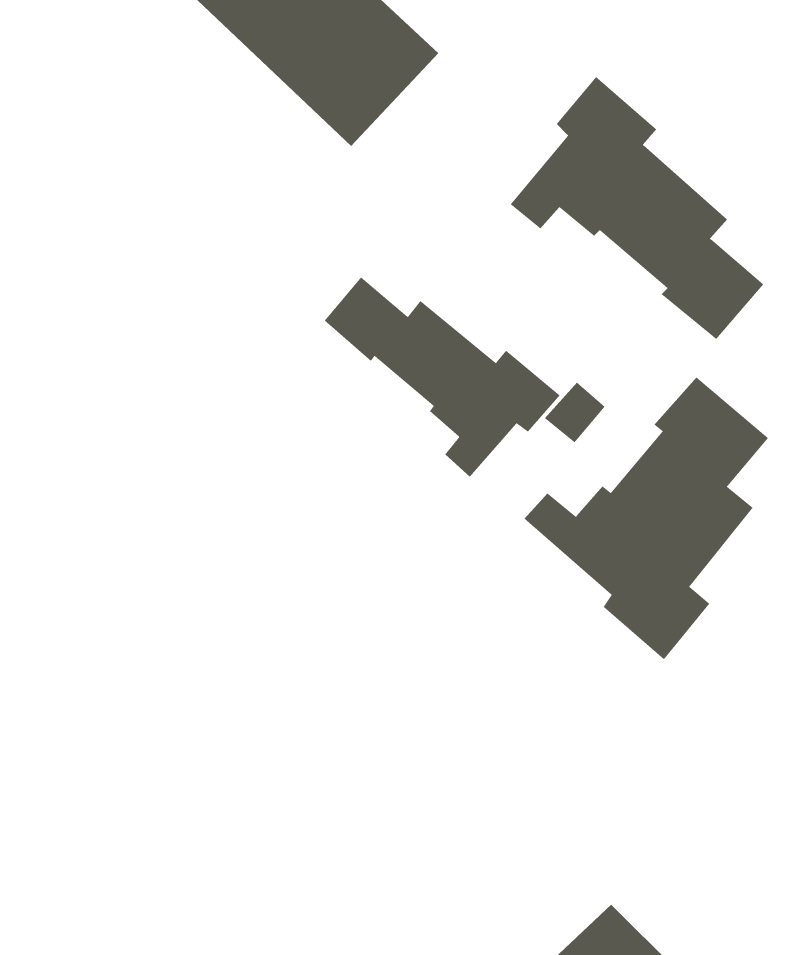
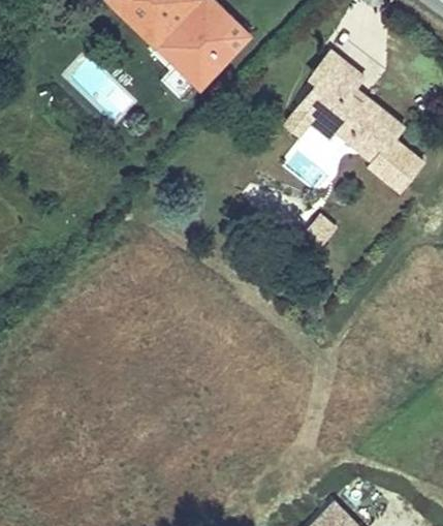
building: [324,276,560,477] -> none
building: [524,376,769,660] -> none

